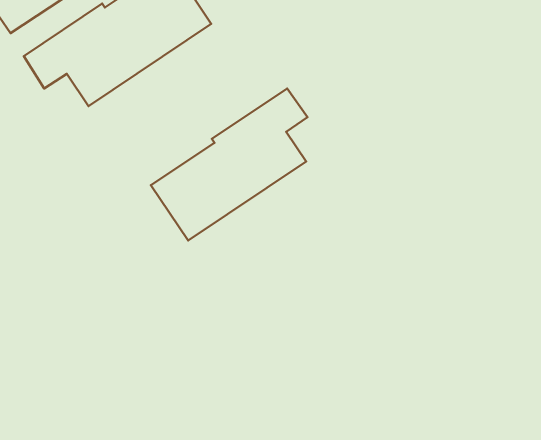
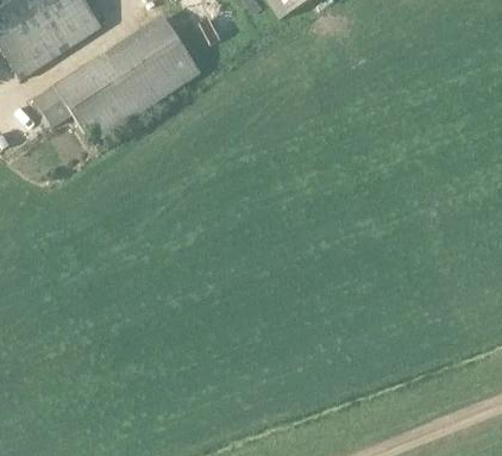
building: [151,89,308,241] -> none

